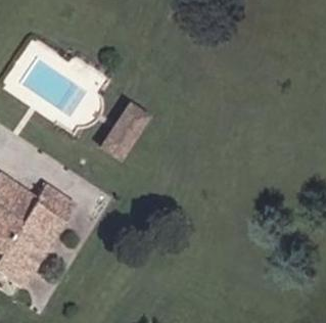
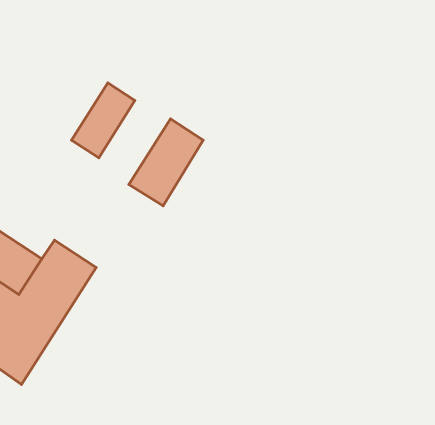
building: none -> [72,83,135,158]

